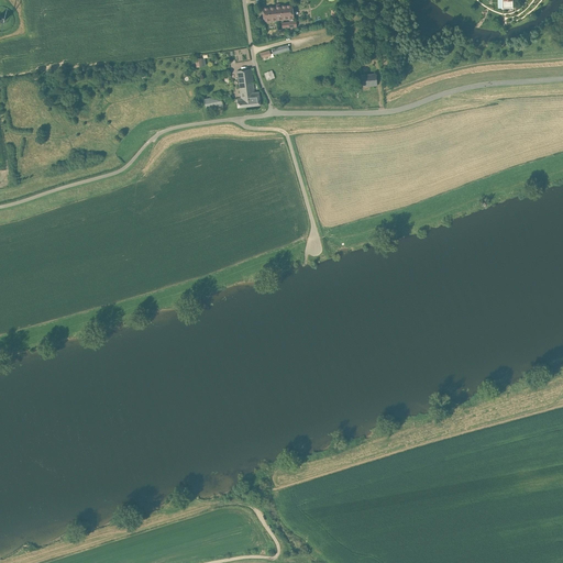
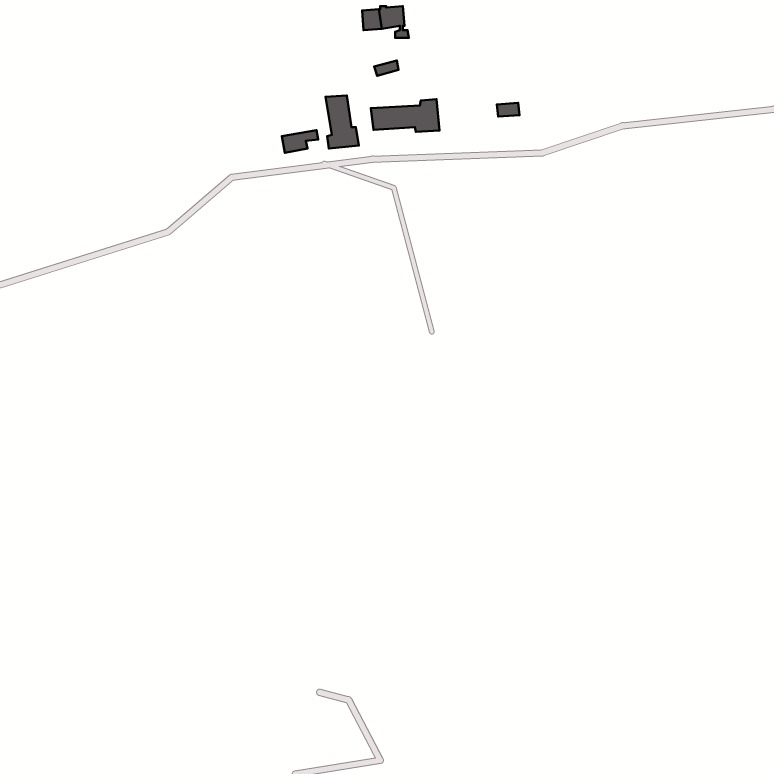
building: none -> [371,99,440,132]

